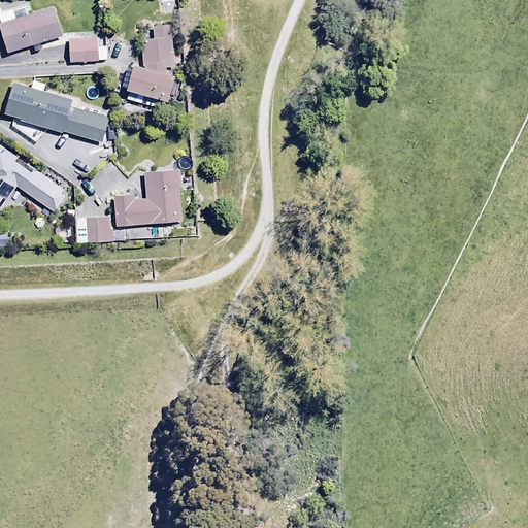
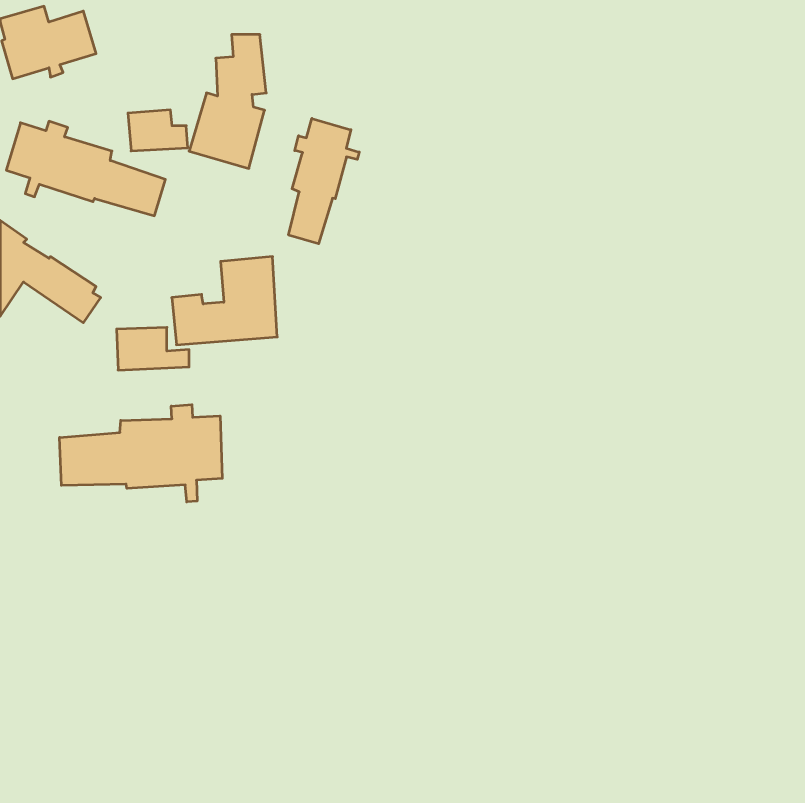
building: [68,36,107,63] -> [128,110,188,151]
building: none -> [289,118,359,244]
building: none -> [60,405,222,502]

